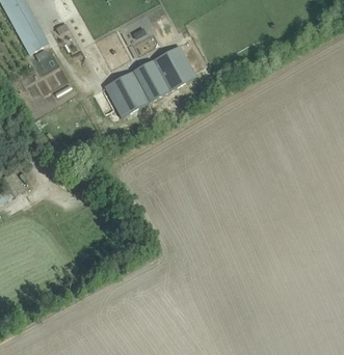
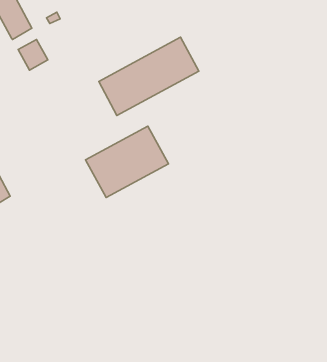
building: none -> [86,126,168,198]

